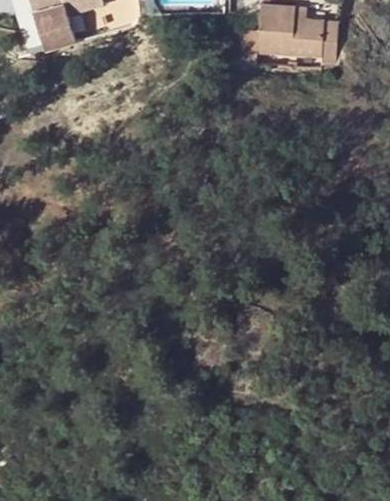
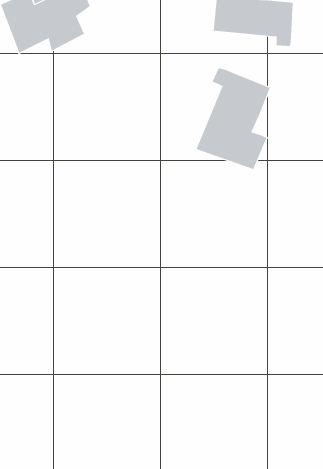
building: none -> [196,67,270,170]

